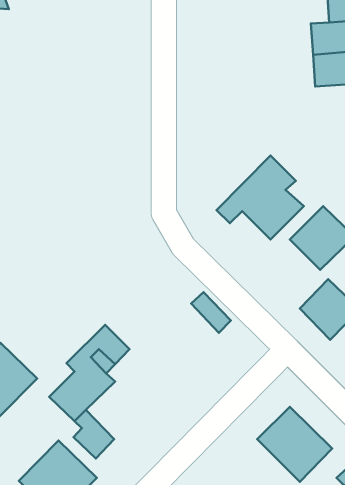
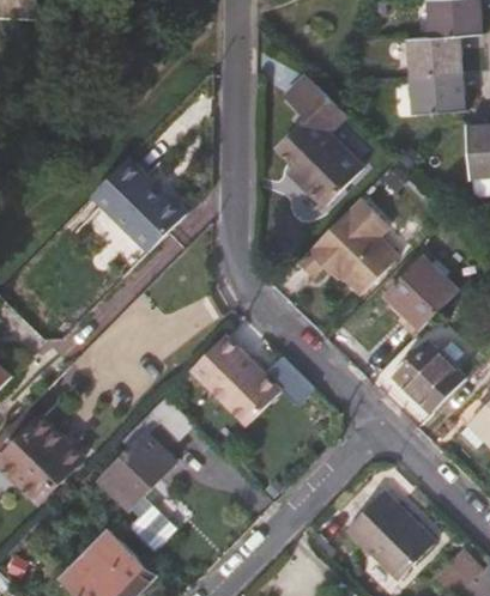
building: none -> [276,74,363,208]
building: none -> [92,158,184,253]
building: none -> [188,335,282,427]

